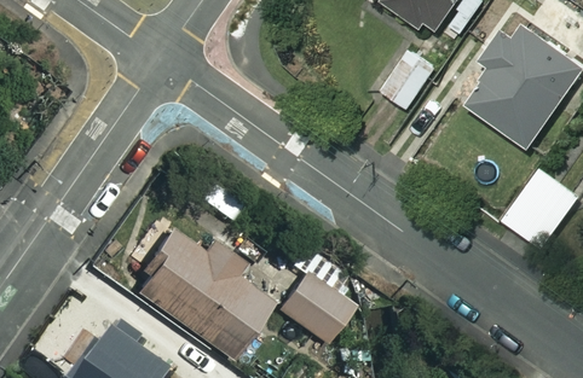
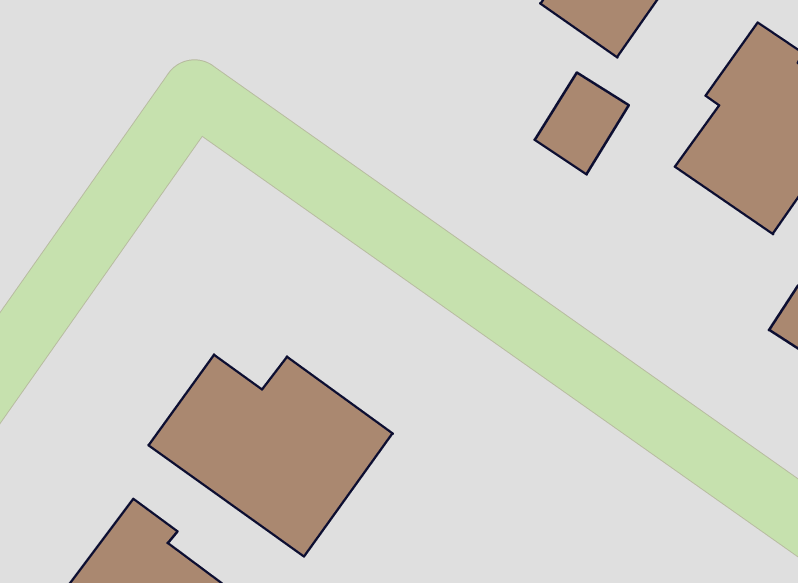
building: [273,267,350,341] -> none

